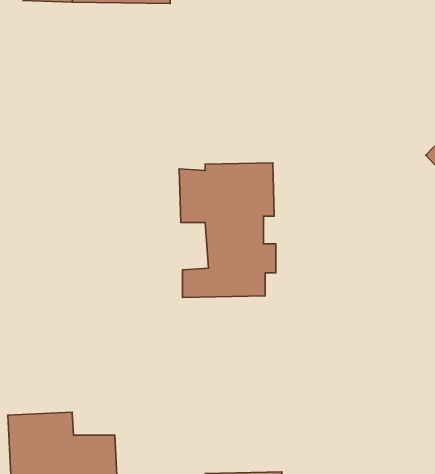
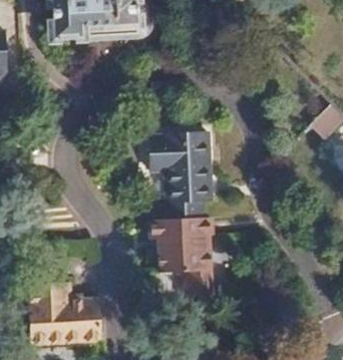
building: none -> [149,218,212,295]

